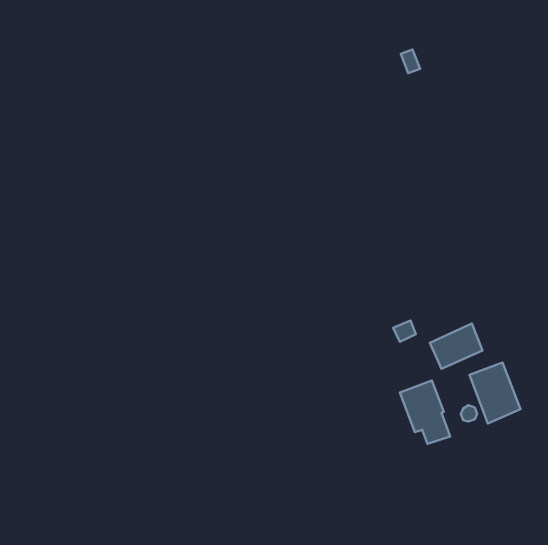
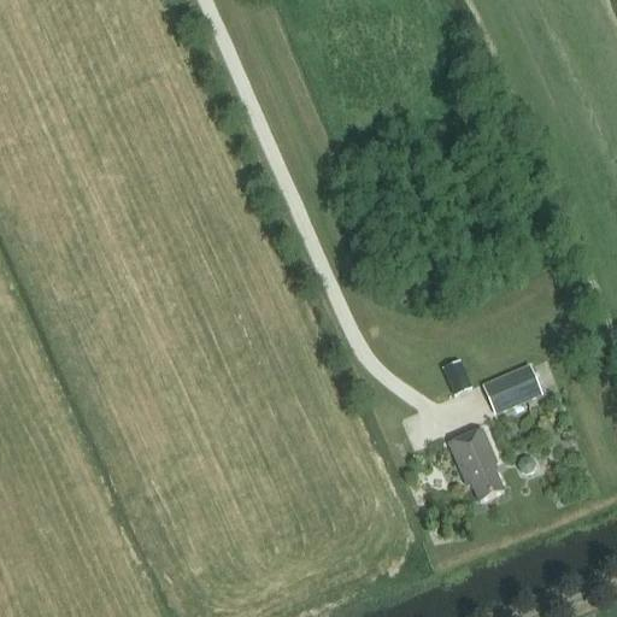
building: [470,362,521,423] -> none

